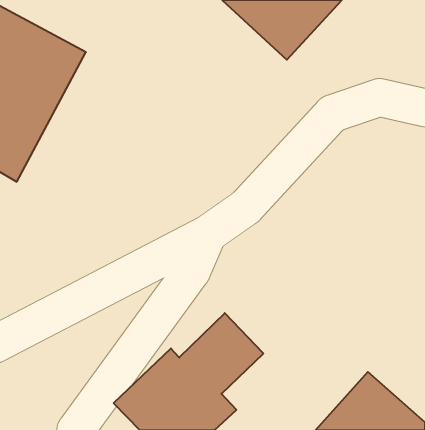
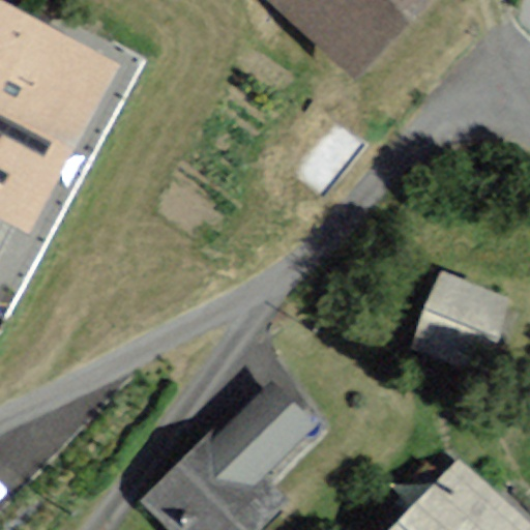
building: none -> [406,270,510,373]

